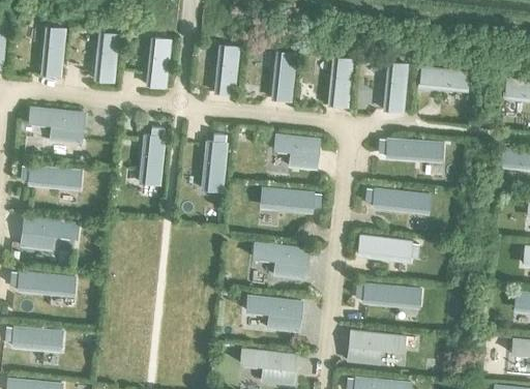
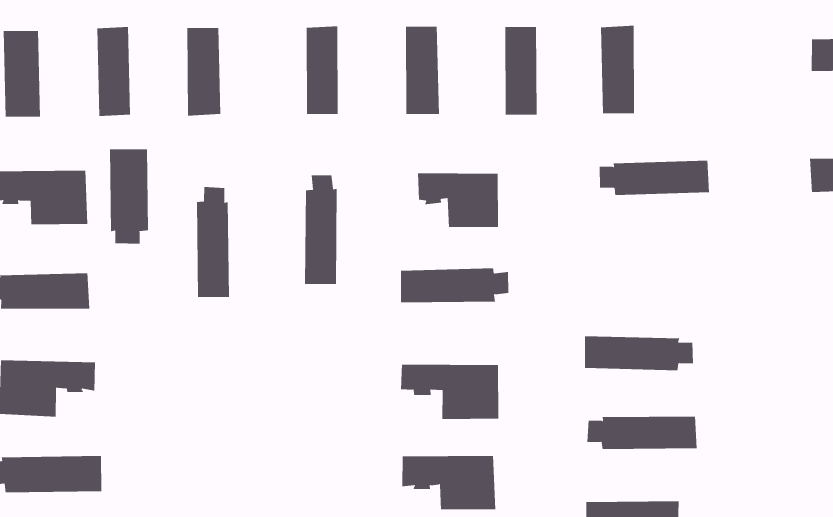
building: [419,69,472,93] -> none
building: none -> [109,149,149,244]
building: [364,188,430,214] -> none

